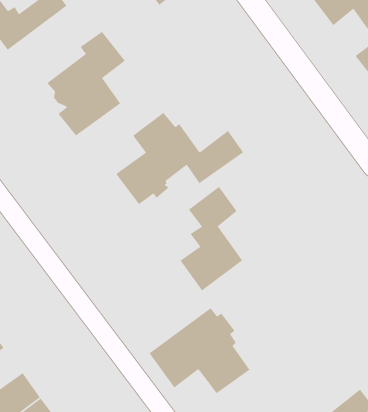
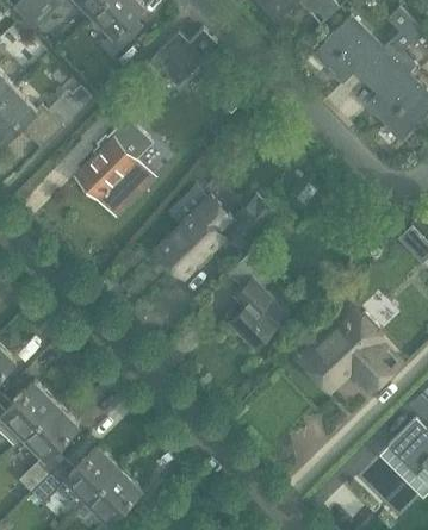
building: [148,307,250,394] -> [299,308,397,389]

